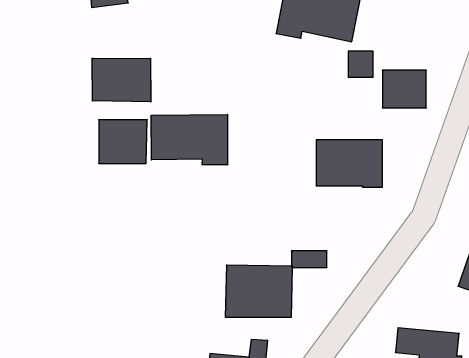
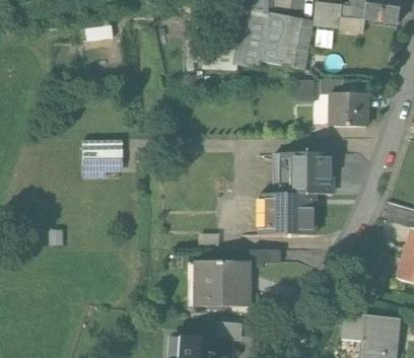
building: [92,58,151,102] -> none
building: [151,114,228,165] -> none
building: none -> [259,192,314,233]

